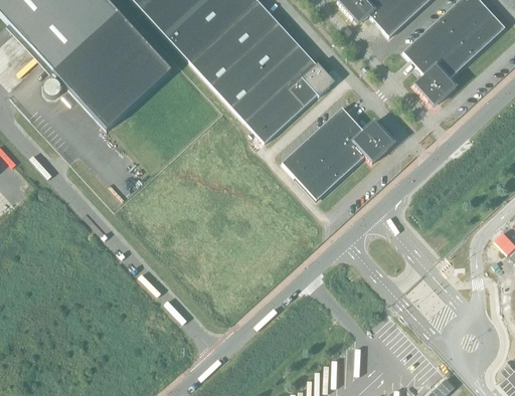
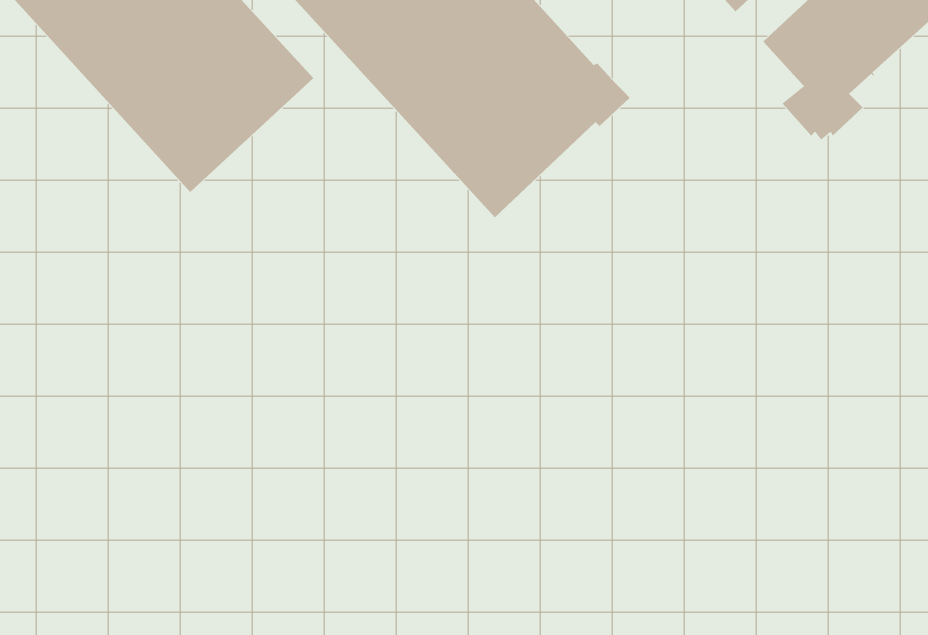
building: [282,107,391,199] -> none

